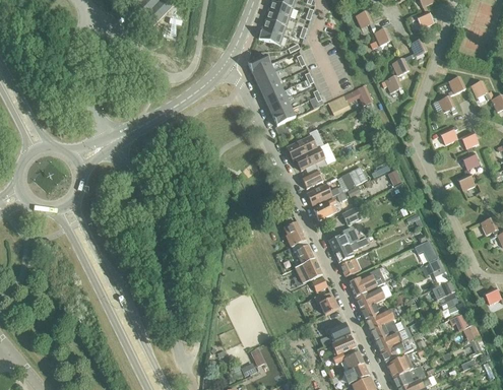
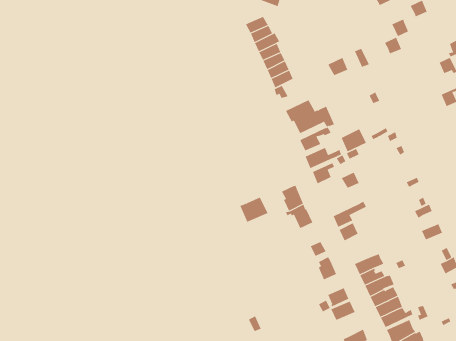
building: [328,226,359,252] -> none
building: [294,258,322,283] -> [239,197,268,222]
building: [348,269,384,297] -> none
building: [331,346,363,370] -> none

